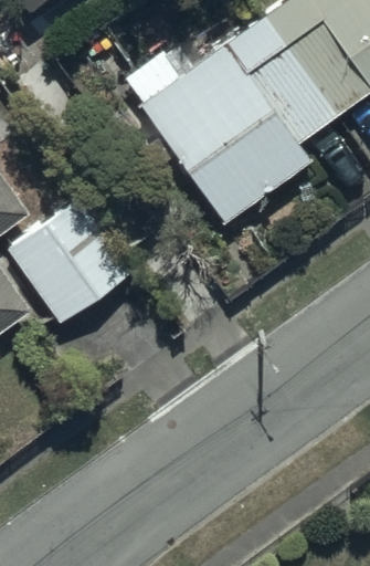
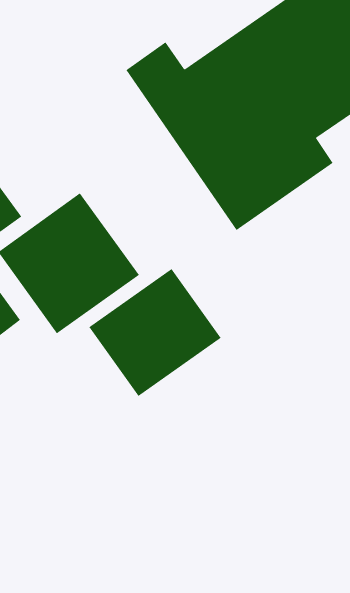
building: none -> [89,268,222,397]

